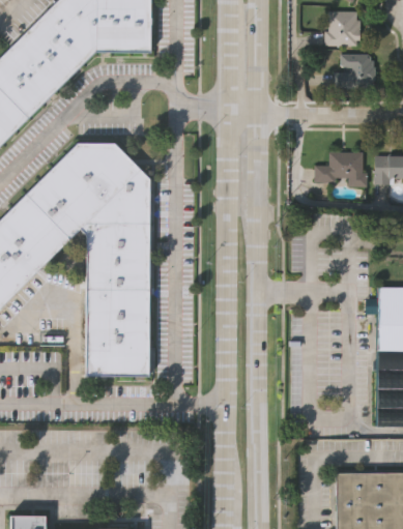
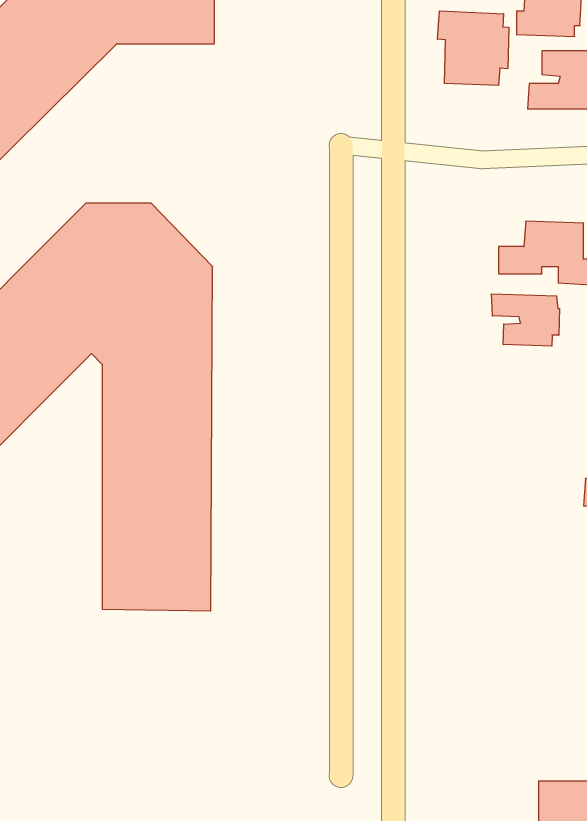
building: none -> [437,11,509,85]
building: none -> [491,294,560,346]

